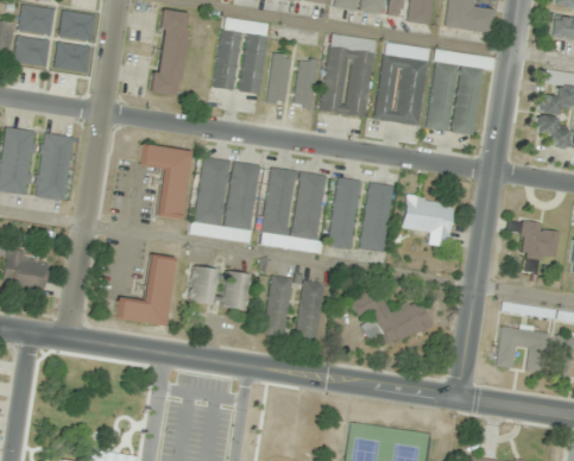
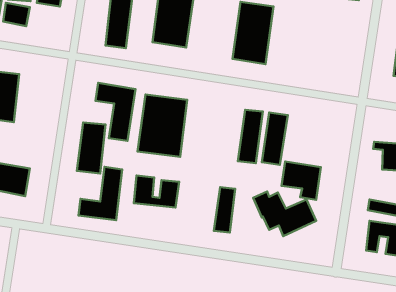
building: [55,42,90,72] -> none
building: [427,50,494,134] -> none
building: [266,52,292,103] -> none
building: [373,55,428,126] -> none
building: [294,57,318,108] -> none
building: [34,133,72,201] -> [77,123,105,173]
building: [264,169,326,240] -> none
building: [402,195,454,246] -> [282,162,321,200]
building: [265,277,292,339] -> none

